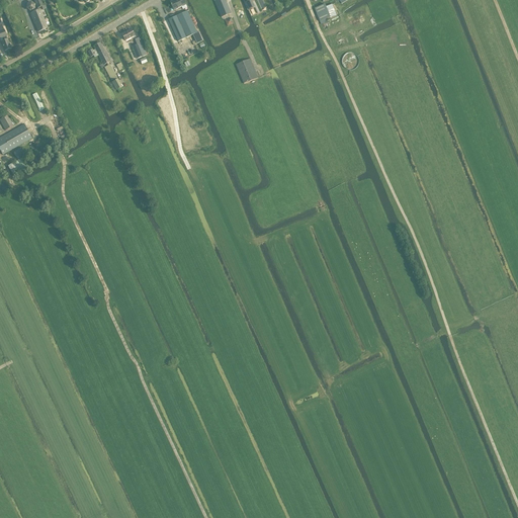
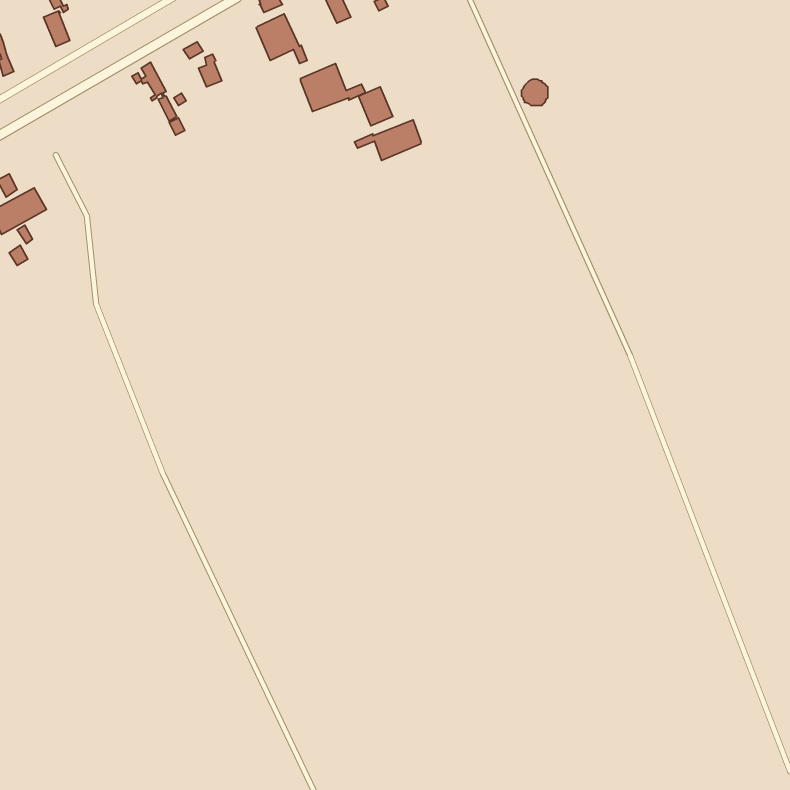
building: none -> [300,63,365,112]
building: none -> [355,120,421,160]

